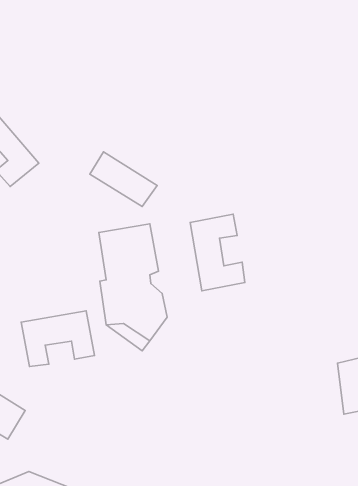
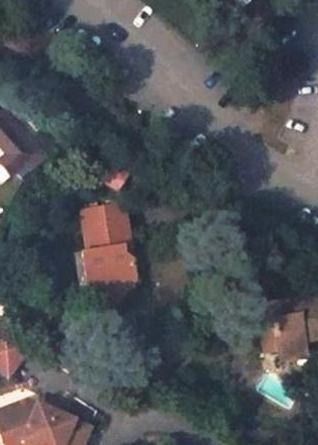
building: [190,214,245,291] -> none
building: [21,311,94,367] -> none

